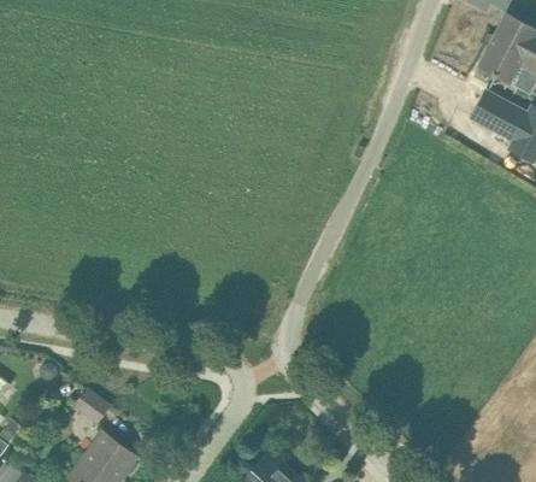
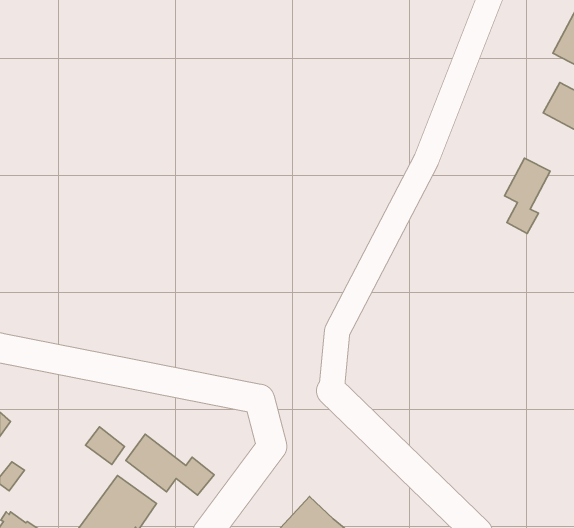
building: none -> [505,158,550,234]
building: none -> [126,434,214,495]

